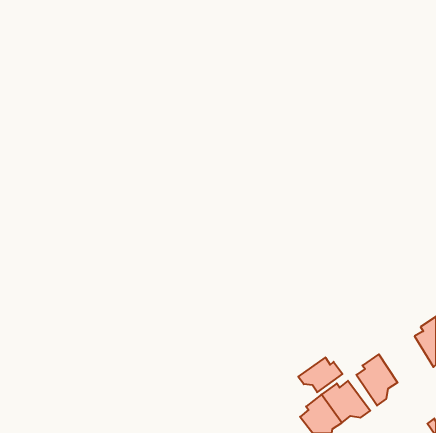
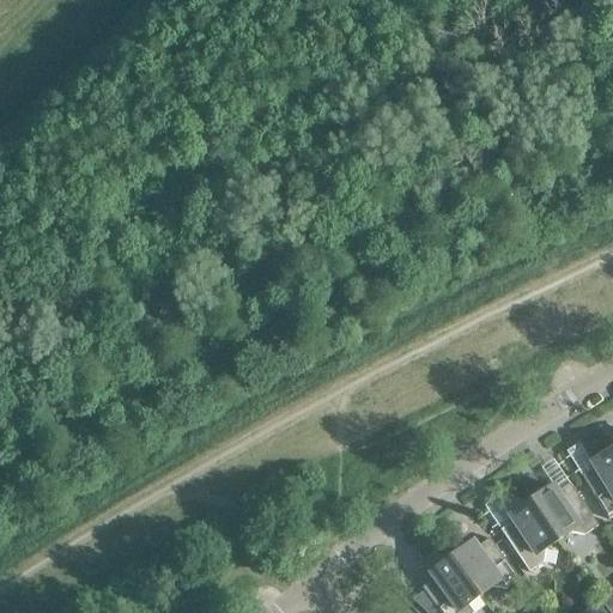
building: none -> [530,478,596,535]
building: [298,357,342,392] -> none

